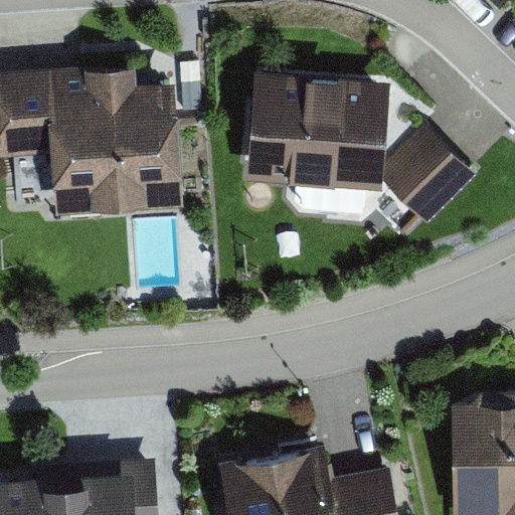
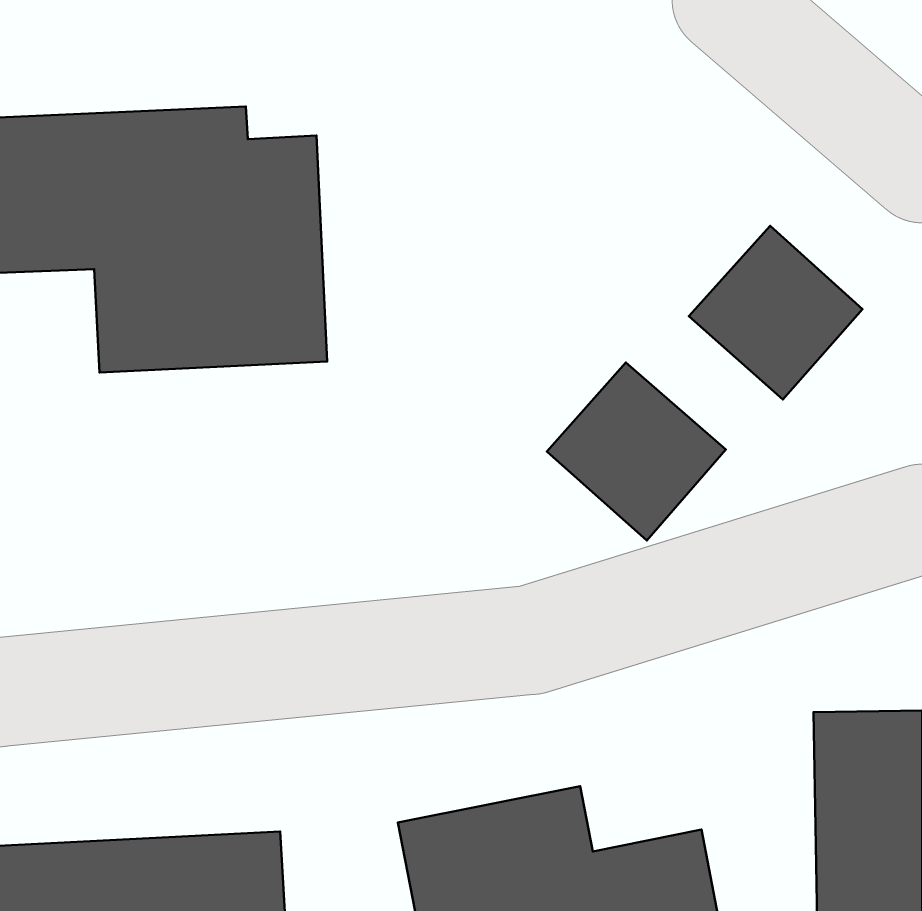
building: [241,73,387,192] -> none
building: none -> [547,363,726,540]

